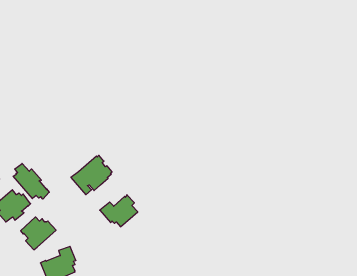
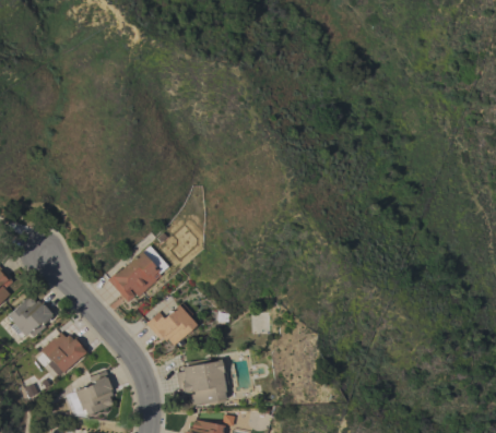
building: [13,163,49,199] -> none
building: none -> [177,358,229,405]

